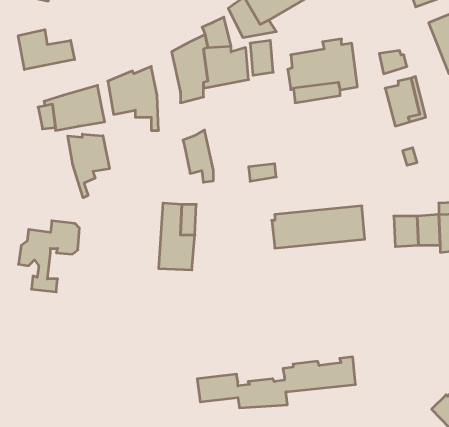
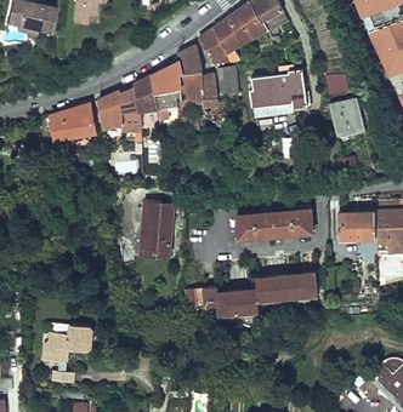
building: [18,30,75,70] -> none
building: [183,130,213,182] -> [134,75,159,119]
building: [68,134,109,198] -> none
building: [18,221,79,292] -> [41,324,92,383]
building: [197,357,356,408] -> [185,270,317,313]

